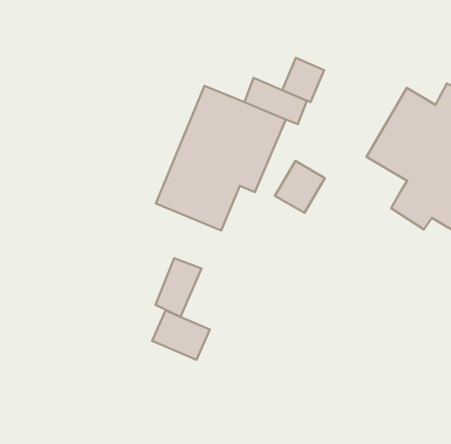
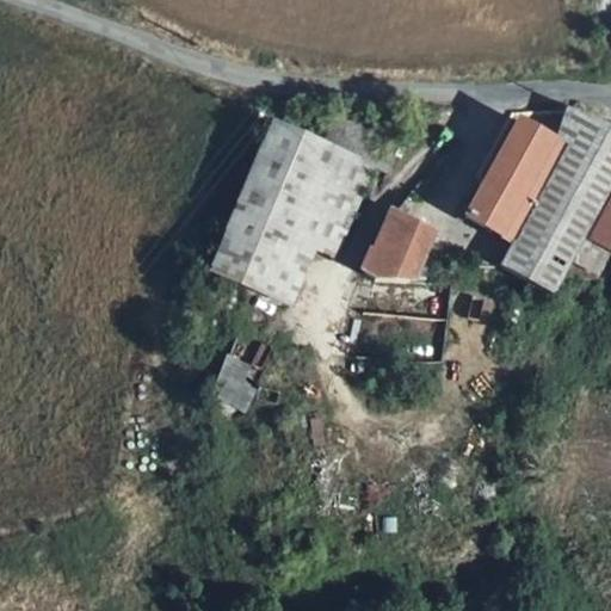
building: [282,58,324,102] -> none
building: [152,310,210,360] -> none

